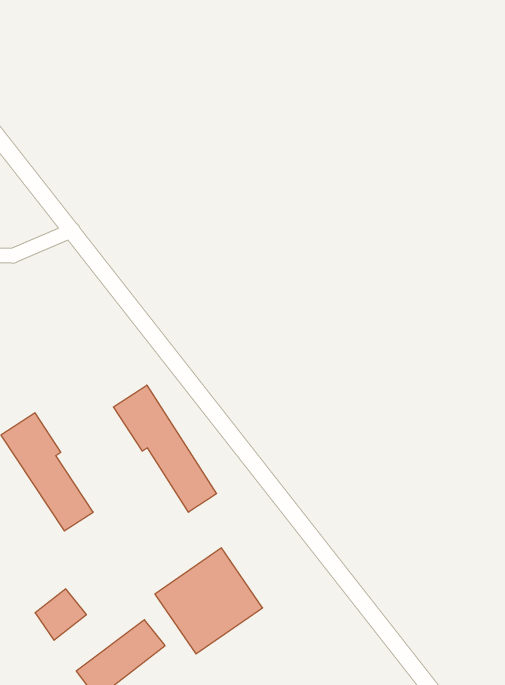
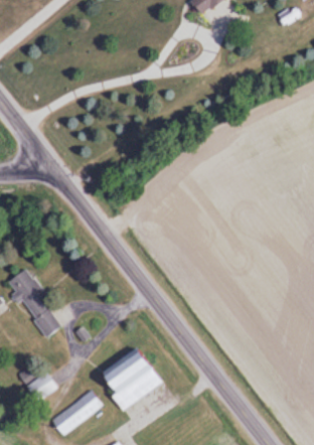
building: [113,385,217,512] -> none

